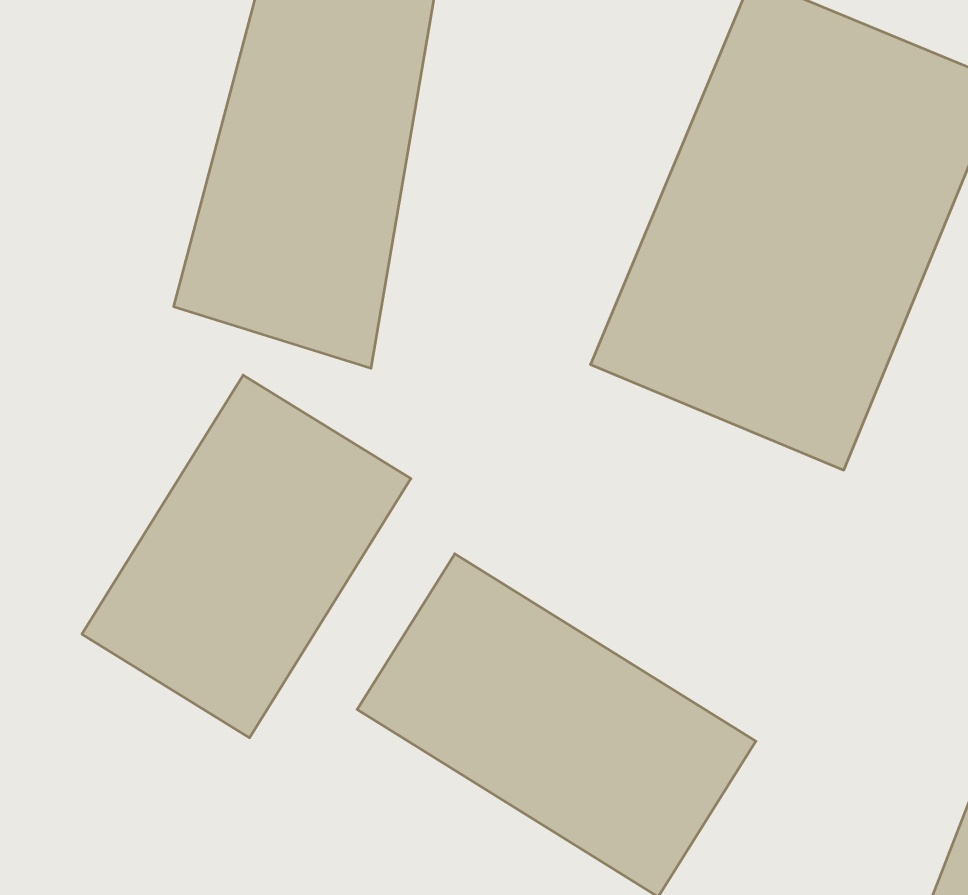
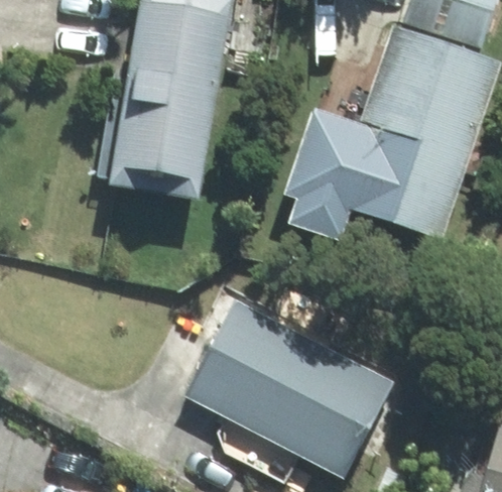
building: [82,375,411,738] -> none

